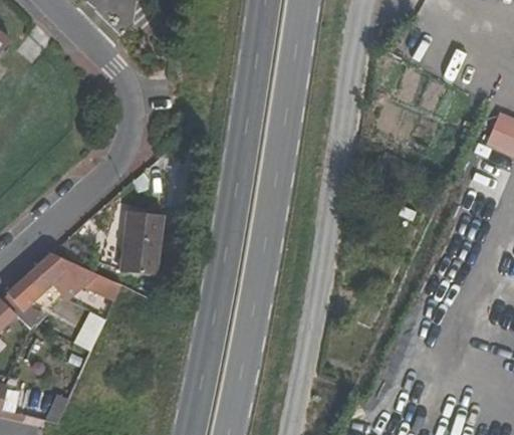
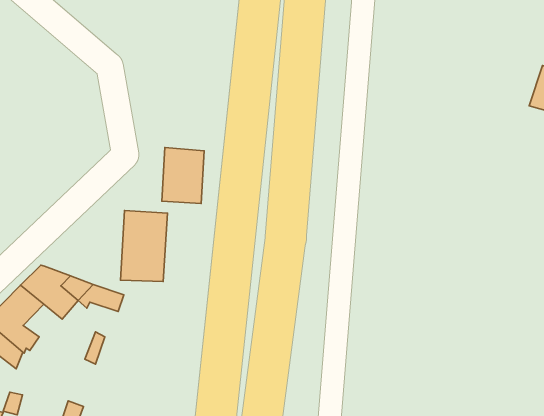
building: none -> [162,148,204,203]

